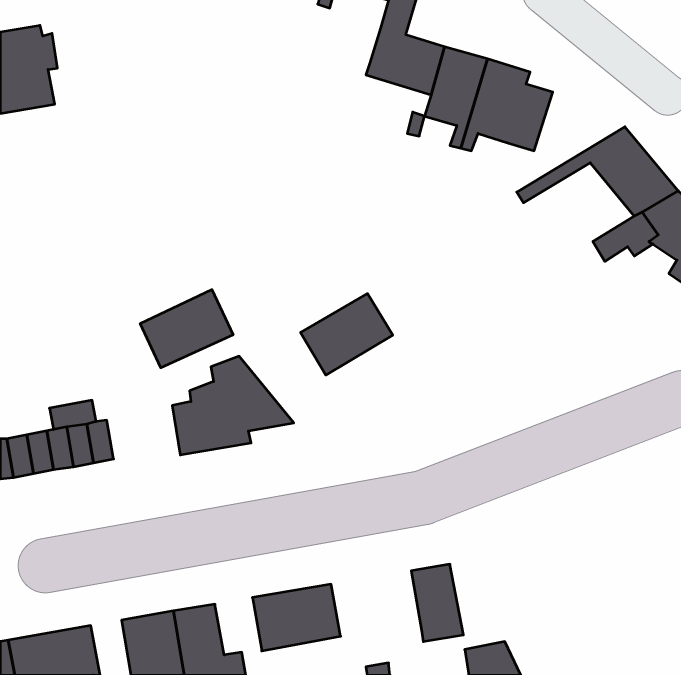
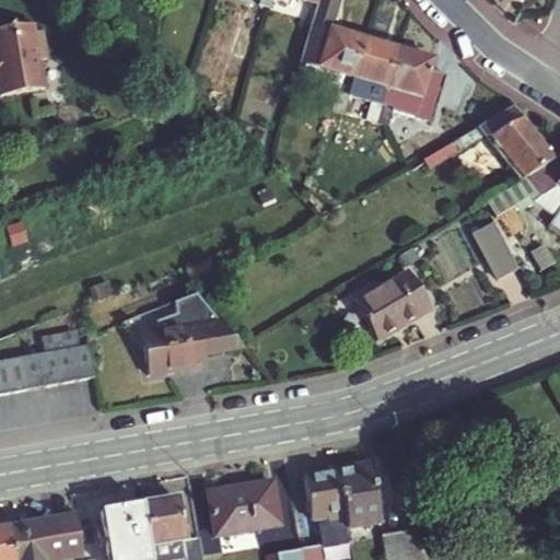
building: none -> [474,221,517,278]
building: [140,290,233,368] -> none
building: [301,294,393,375] -> [357,271,432,338]
building: none -> [304,468,350,545]

